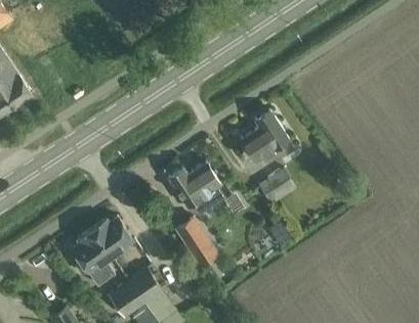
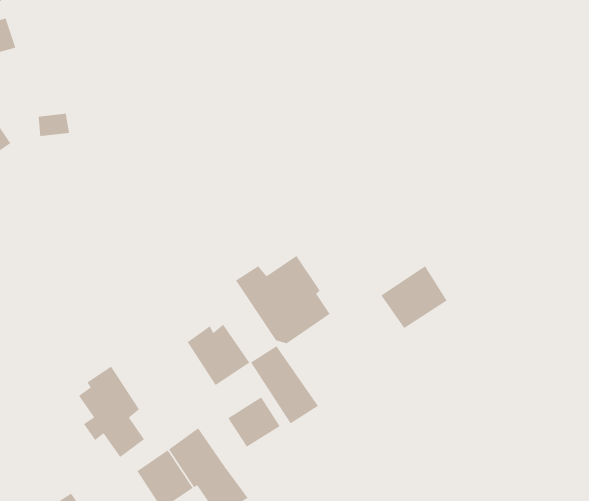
building: [241,110,288,163] -> none
building: [92,218,131,256] -> [187,324,250,386]
building: none -> [228,397,281,448]

